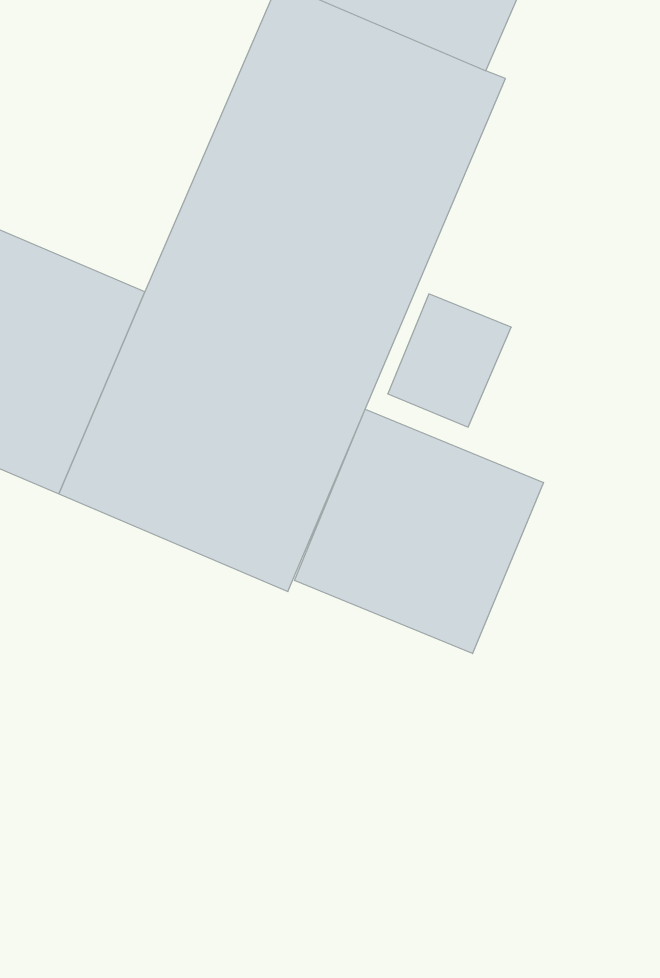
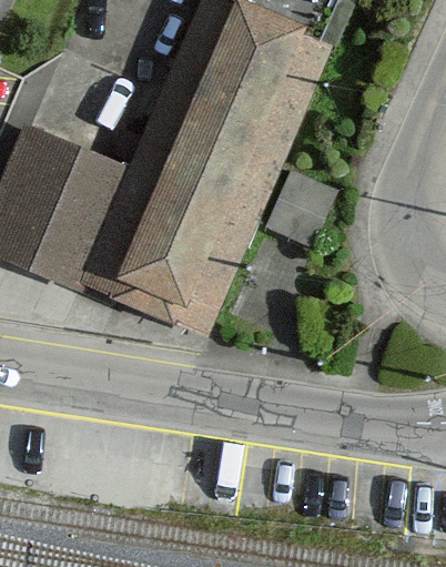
building: [294,409,543,654] -> none

